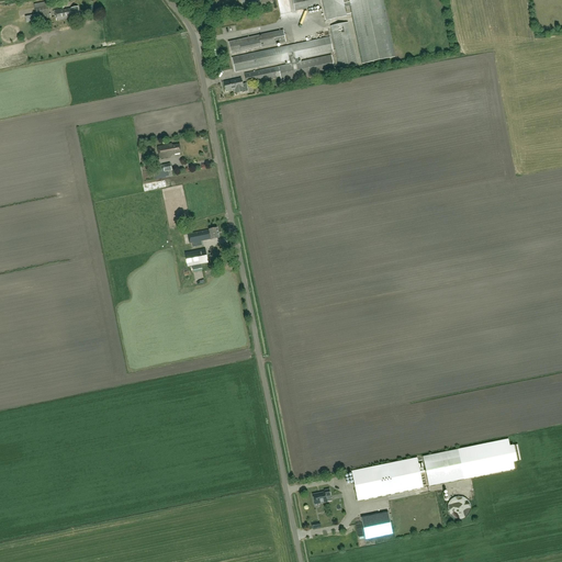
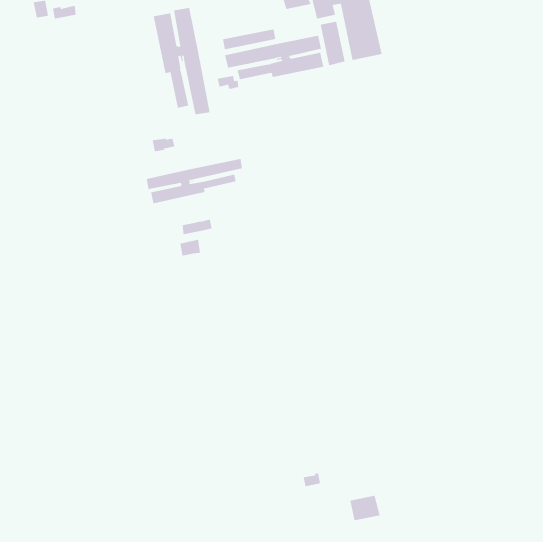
building: none -> [153,7,210,115]
building: none -> [146,158,243,204]
building: [351,438,514,499] -> none

